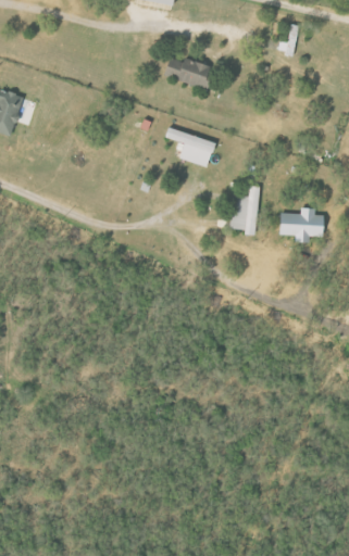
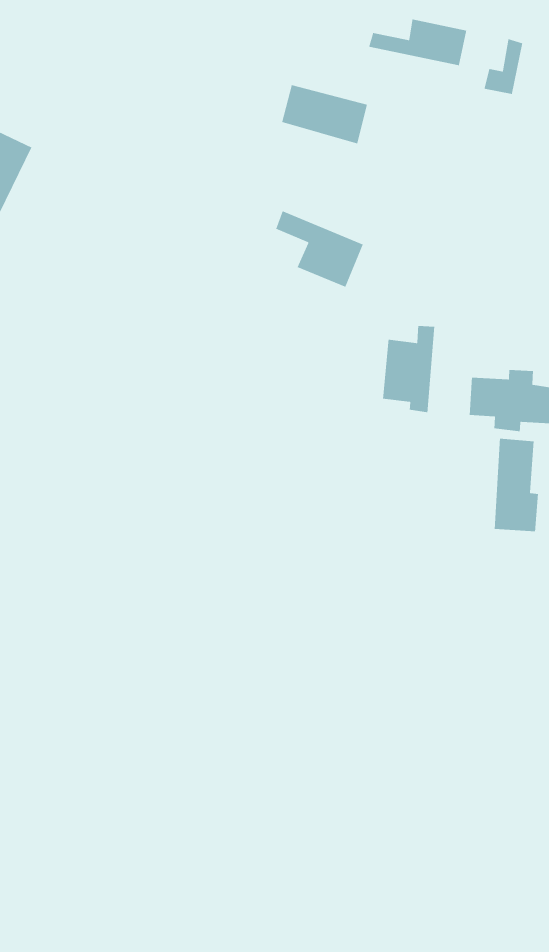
building: none -> [368,19,467,66]
building: none -> [494,438,539,532]

